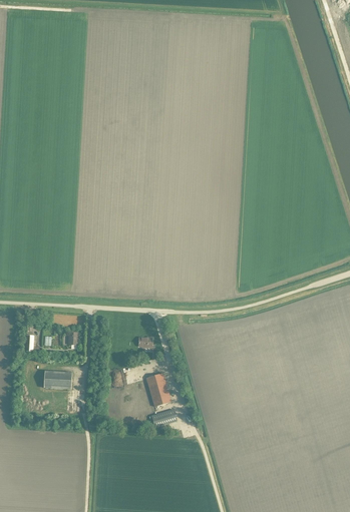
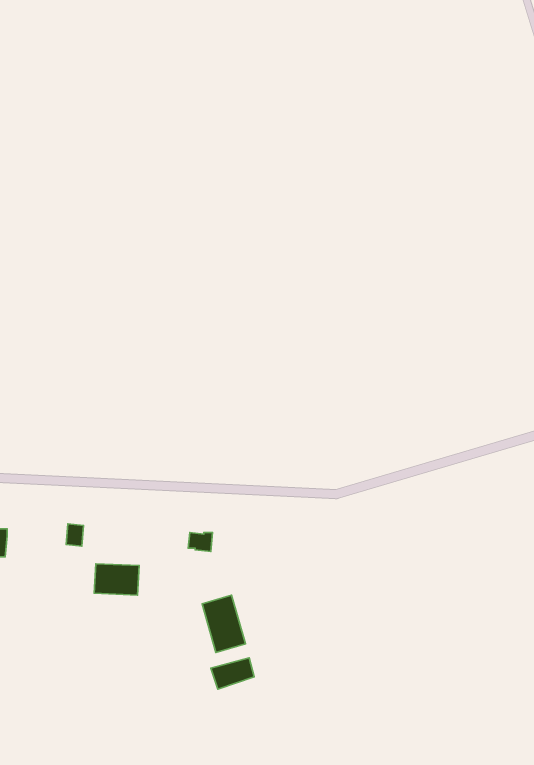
building: [44,370,70,388] -> [94,564,139,595]

